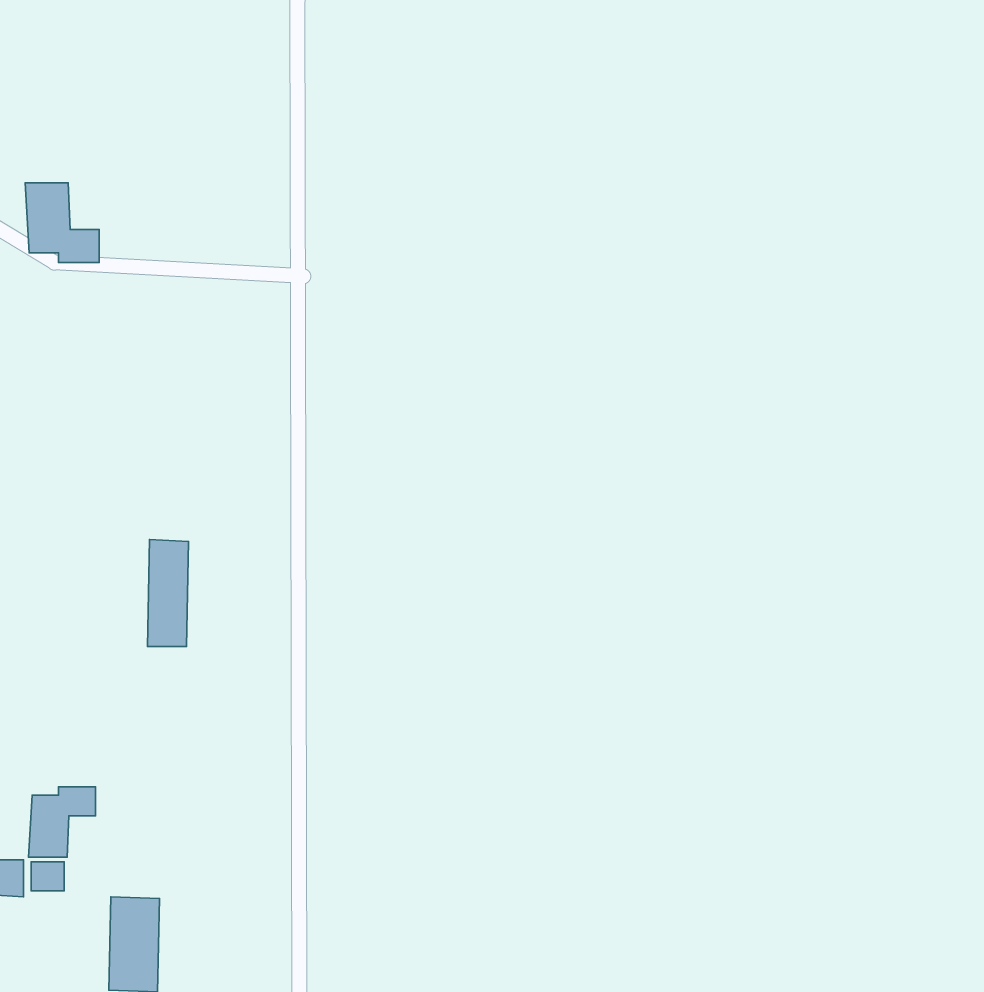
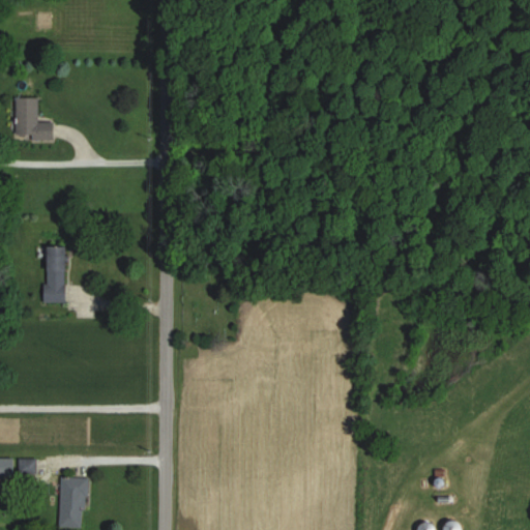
building: [148,539,188,646] -> [45,246,66,303]
building: [29,787,95,857] -> none

